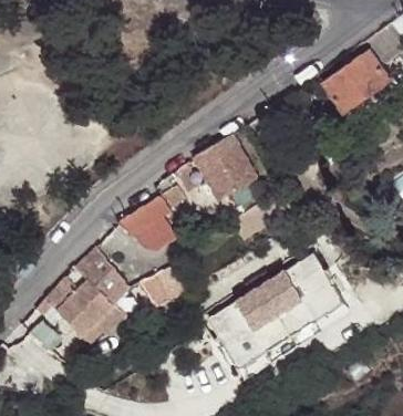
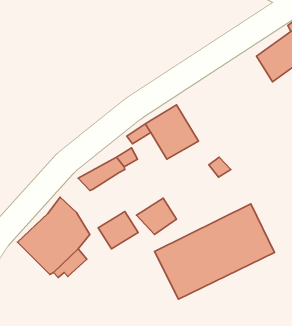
building: [132,217,178,259] -> [137,198,177,234]

